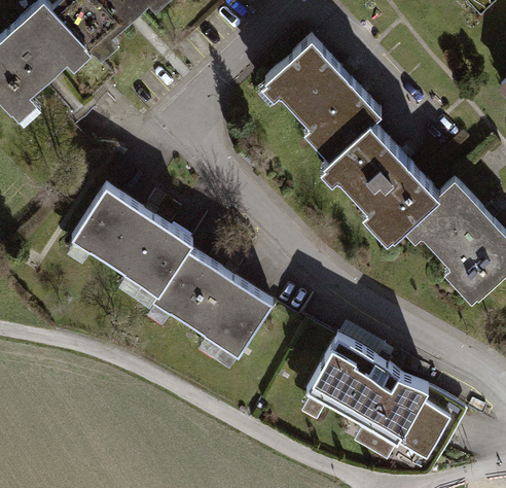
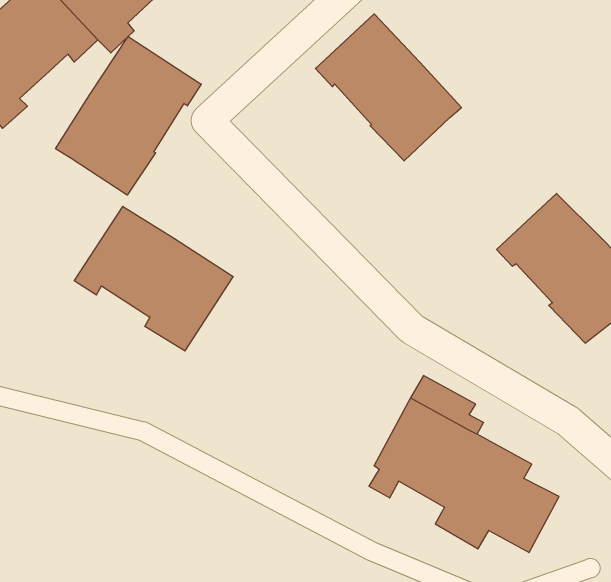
building: none -> [55,37,201,195]
building: [320,118,434,235] -> none
building: [152,250,277,365] -> none

